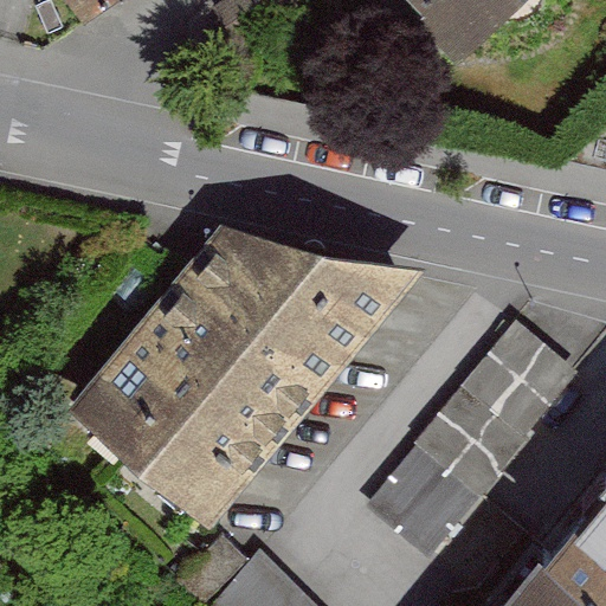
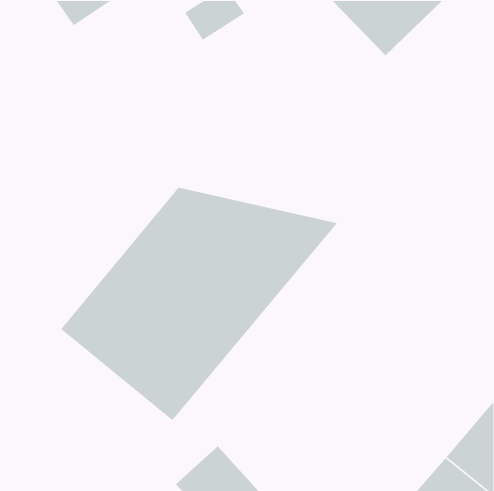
building: [365,316,582,554] -> none

